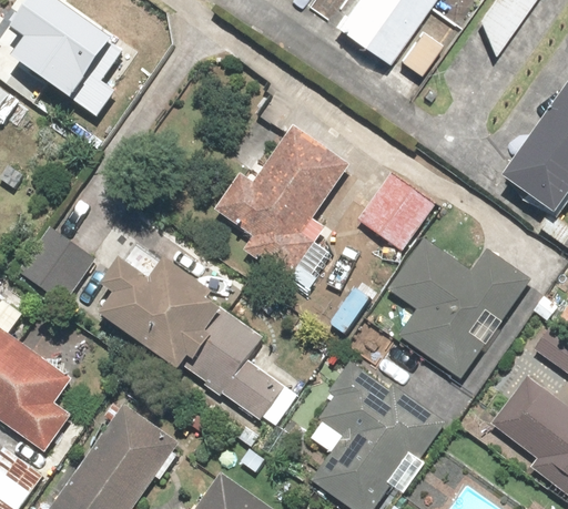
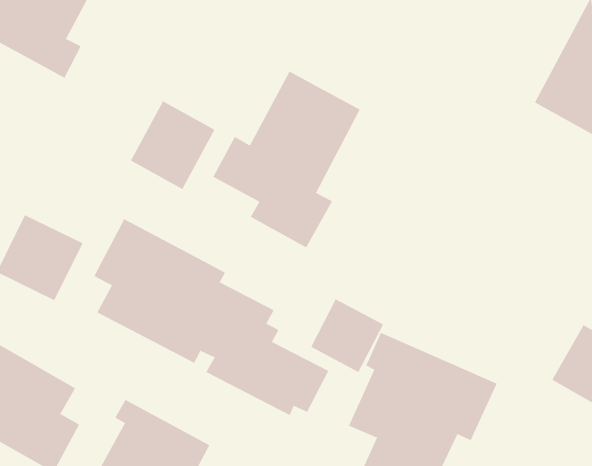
building: none -> [130,101,215,190]
building: [359,174,434,251] -> none
building: [392,241,530,376] -> none
building: none -> [310,299,384,373]

